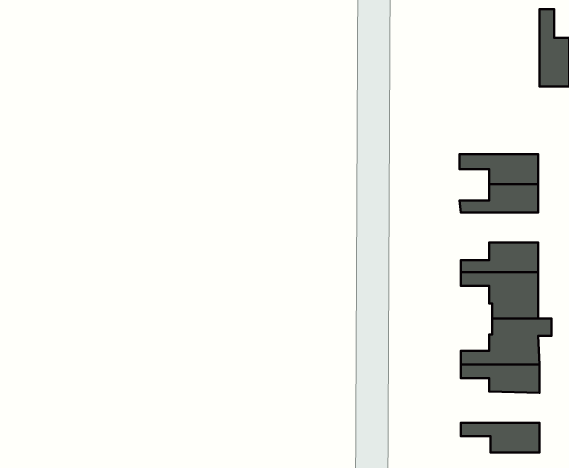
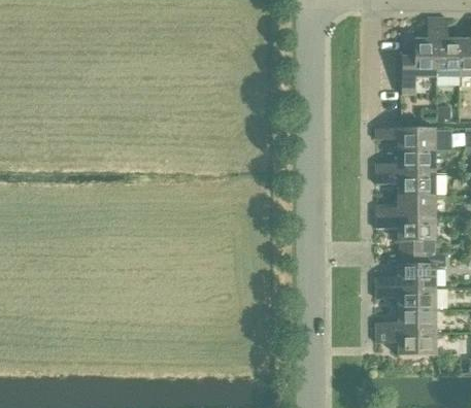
building: none -> [402,18,437,94]
building: none -> [377,172,436,195]
building: none -> [377,308,437,332]

